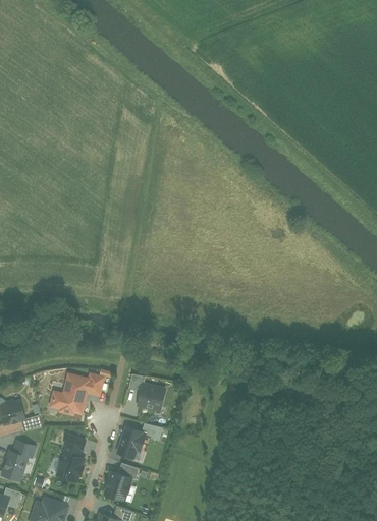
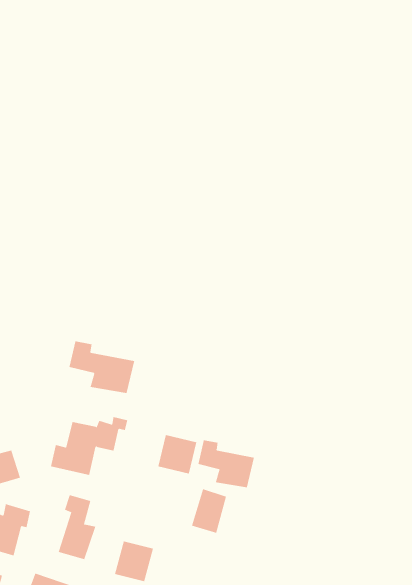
building: none -> [69,341,135,394]
building: none -> [198,439,254,488]
building: [115,424,144,460] -> [191,489,227,534]

